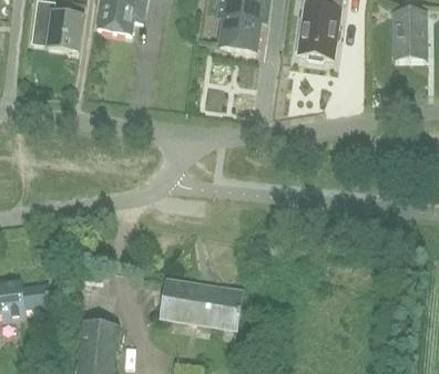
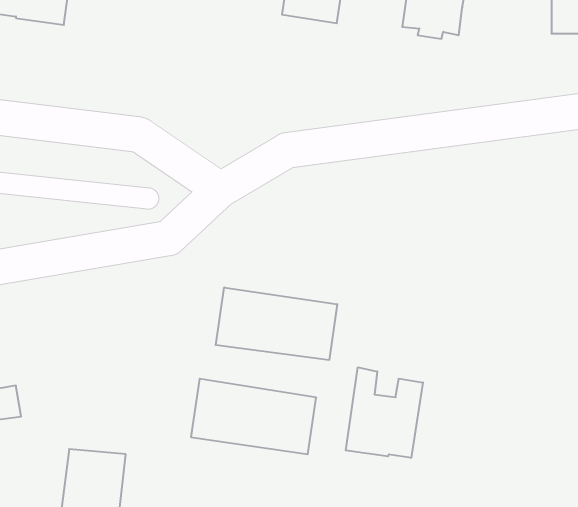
building: none -> [216,287,337,360]
building: none -> [346,367,423,458]

